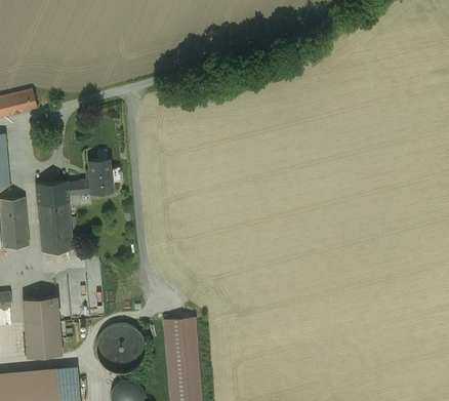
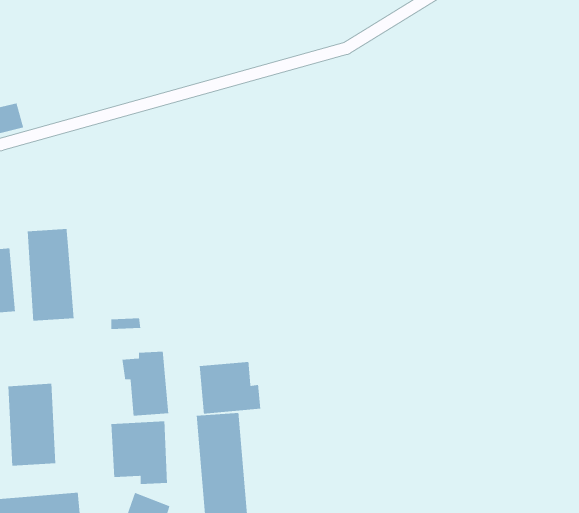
building: [69,159,112,195] -> none
building: [55,272,90,320] -> [122,351,169,416]
building: none -> [199,361,261,415]

